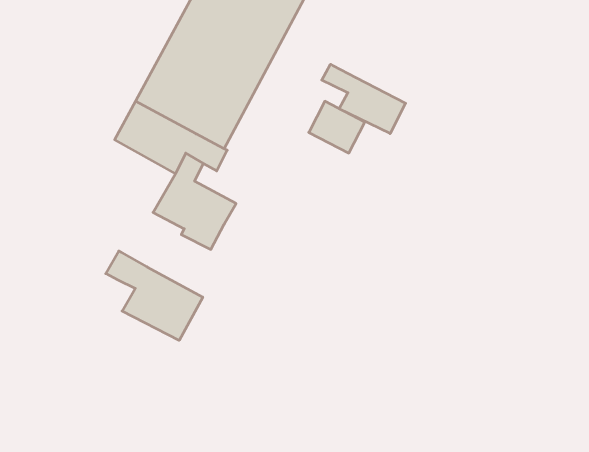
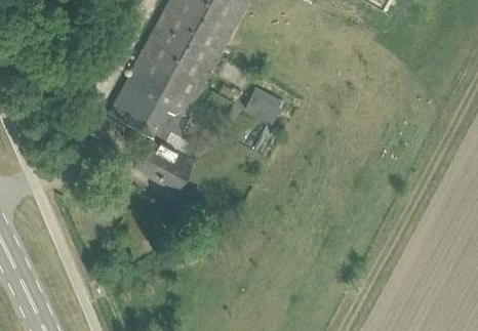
building: [322,64,406,134] -> none
building: [106,251,203,340] -> none

